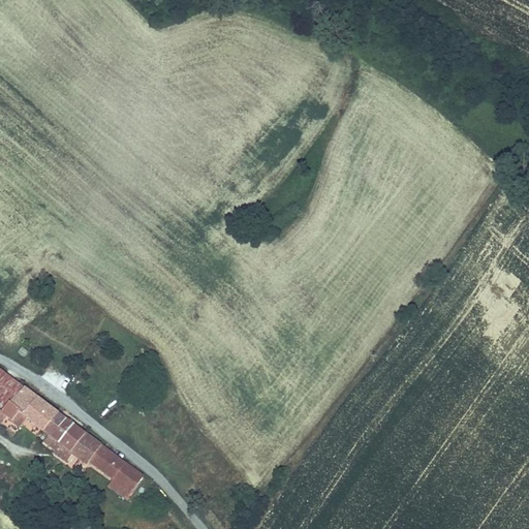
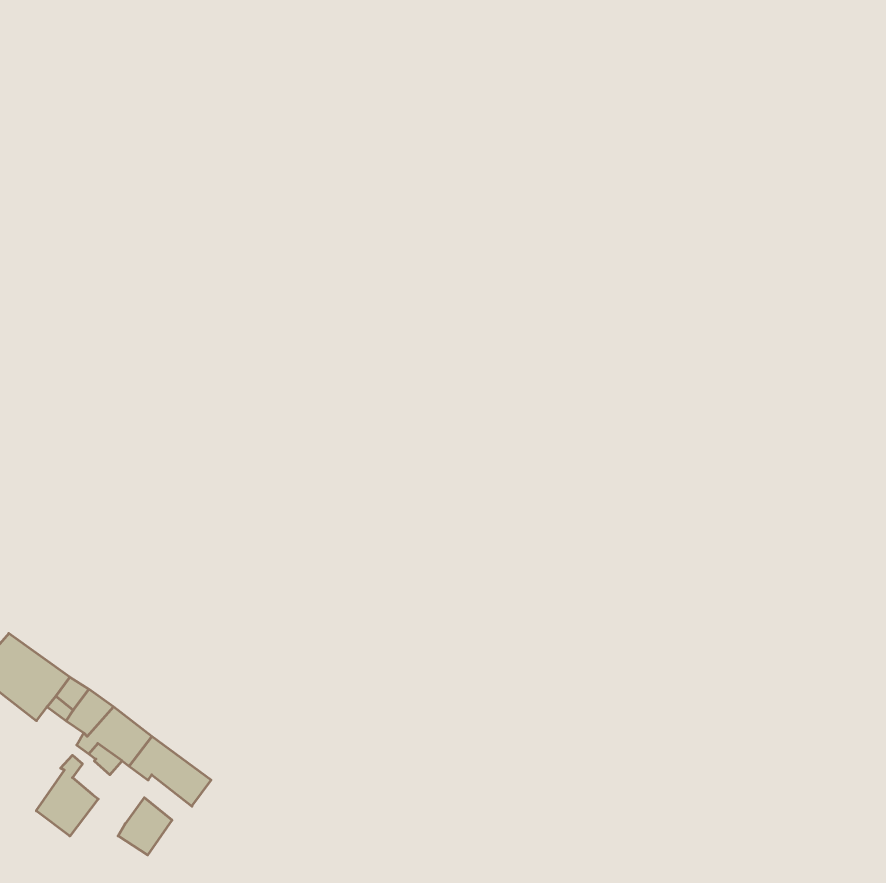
building: none -> [36,755,98,836]
building: [110,462,142,496] -> [118,798,172,855]

